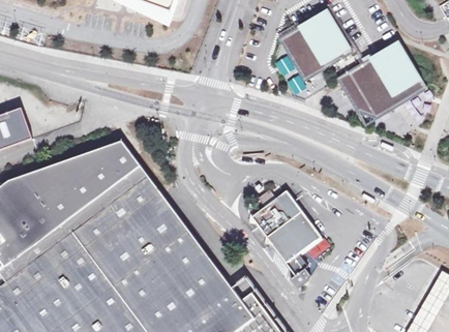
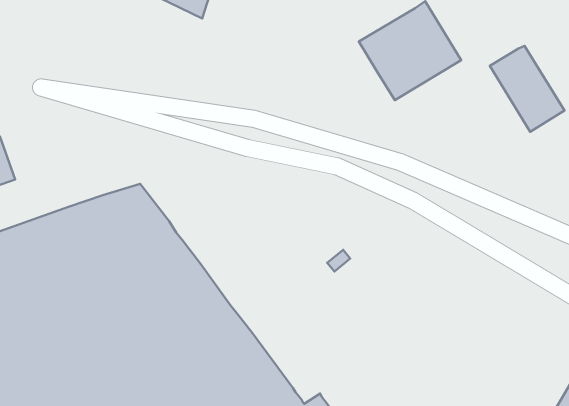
building: [337,56,402,118] -> none
building: [251,190,320,288] -> none

